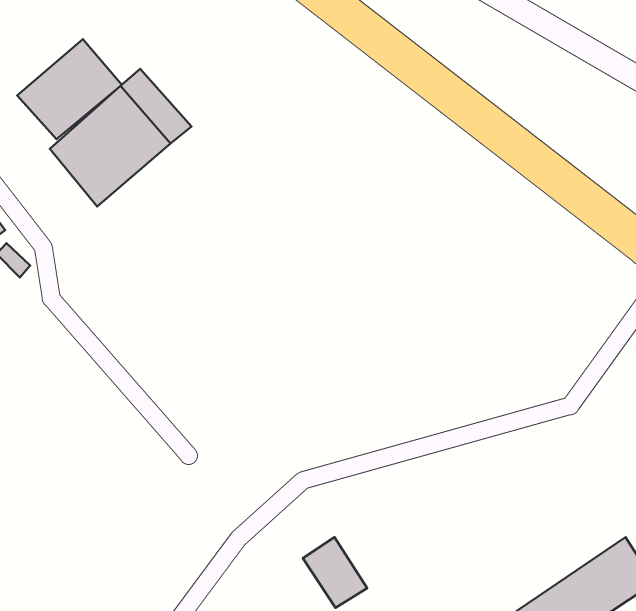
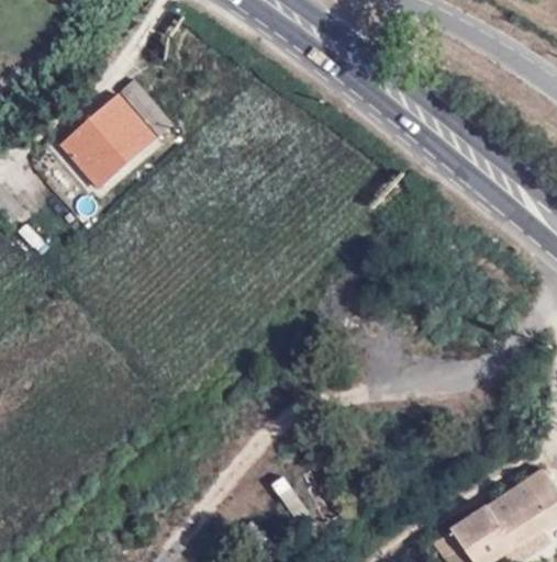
building: [17,39,122,139] -> none

